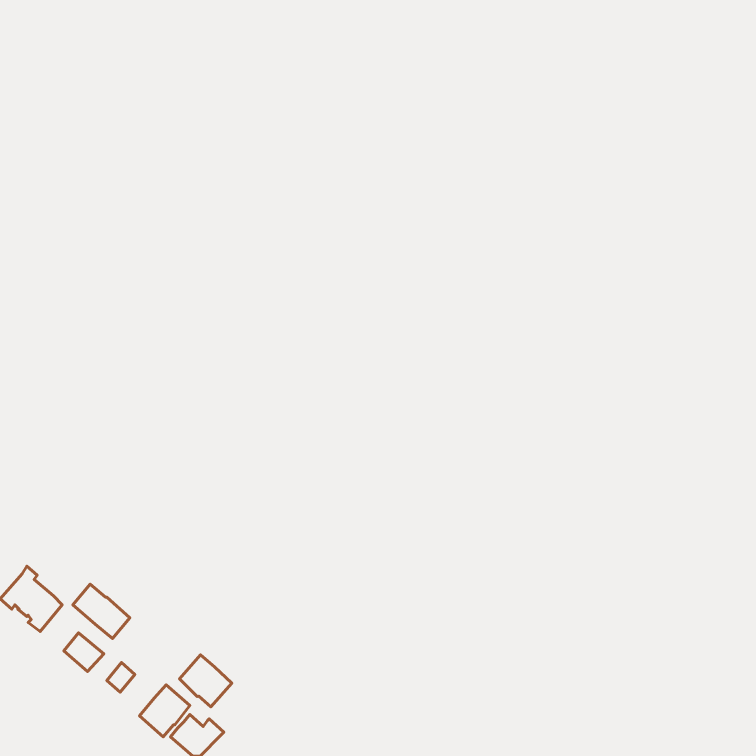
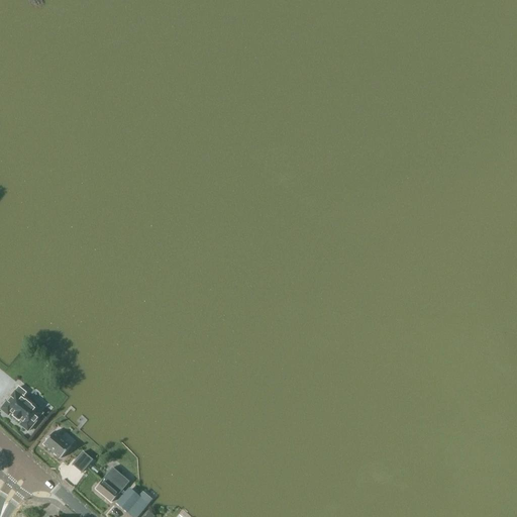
building: [73,584,130,639] -> none
building: [179,655,232,707] -> none

